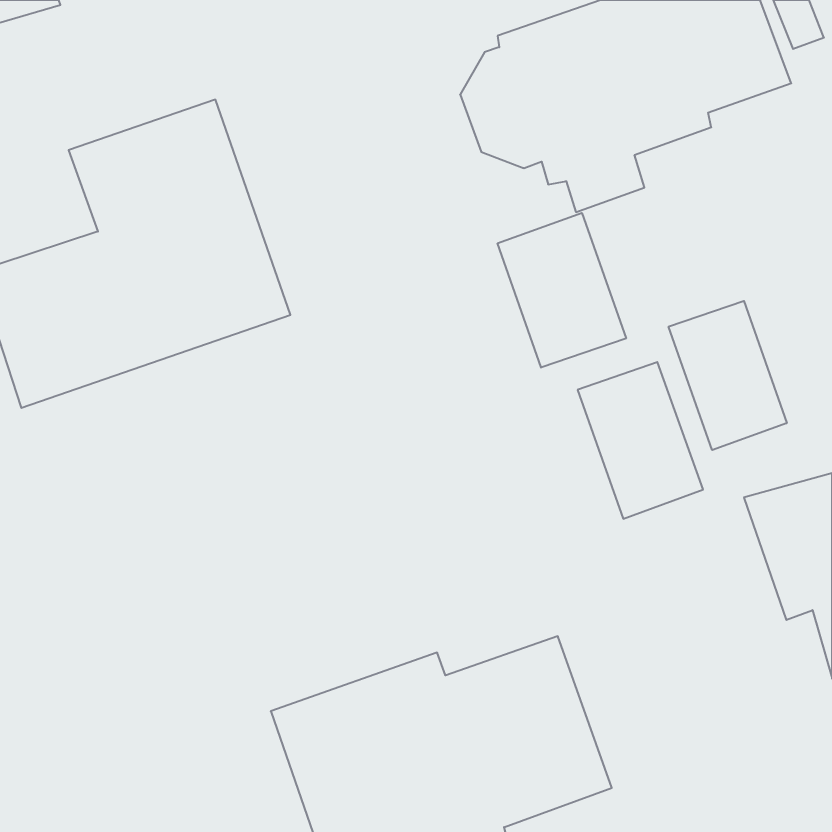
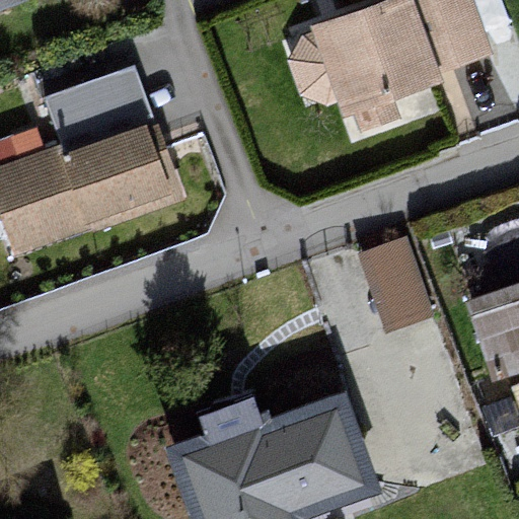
building: [498,213,626,368] -> none
building: [669,301,787,450] -> none

